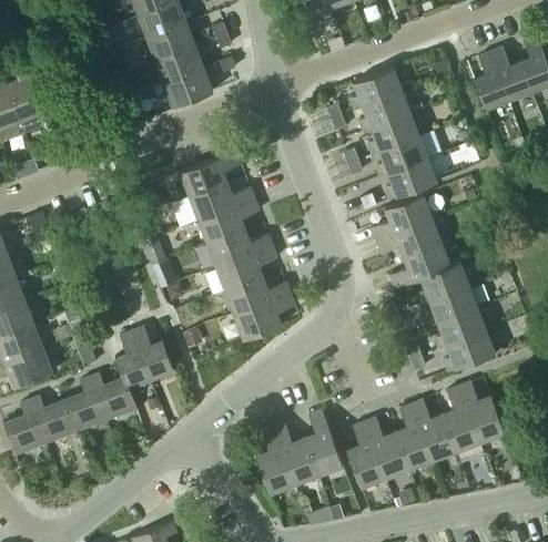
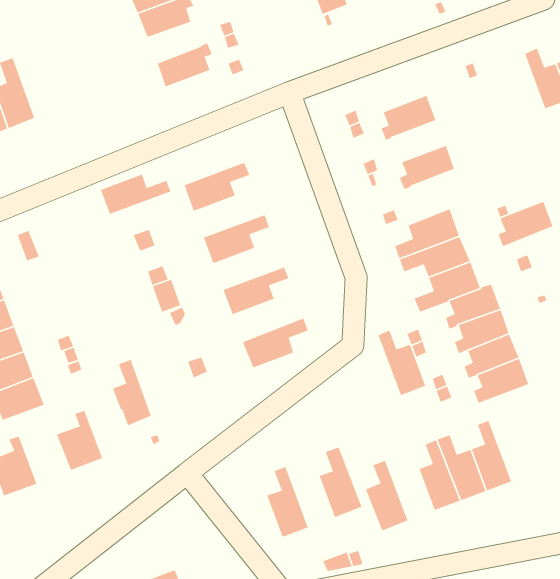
building: [146,20,197,61] -> none
building: [474,52,509,112] -> none
building: [163,64,215,106] -> none
building: [351,67,402,110] -> none
building: [367,113,419,154] -> none
building: [385,157,436,200] -> [498,201,553,247]
building: [189,182,254,219] -> [100,174,172,215]
building: [206,229,272,267] -> none
building: [224,276,290,315] -> none
building: [132,326,174,382] -> none
building: [90,374,138,421] -> none
building: [458,381,505,442] -> none
building: [30,396,77,444] -> none
building: [364,417,408,478] -> [378,329,426,396]
building: [273,423,317,484] -> none

